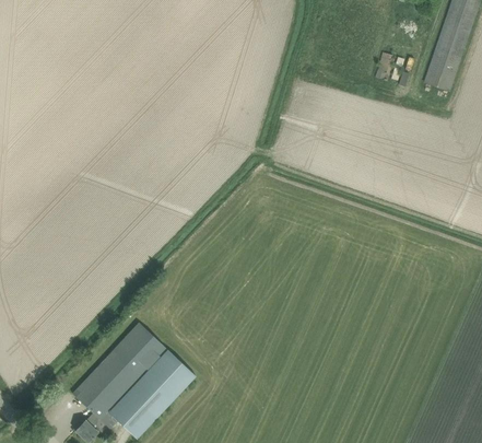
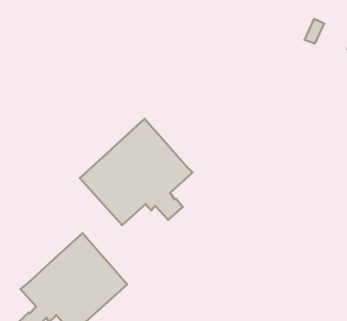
building: none -> [80,119,192,225]

